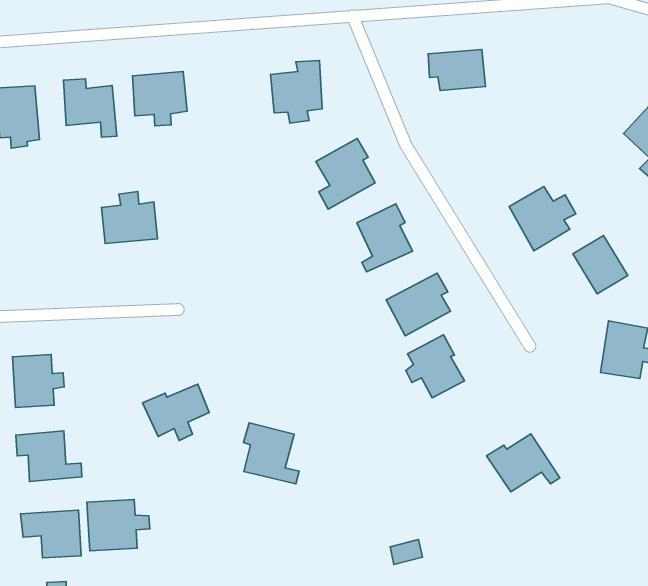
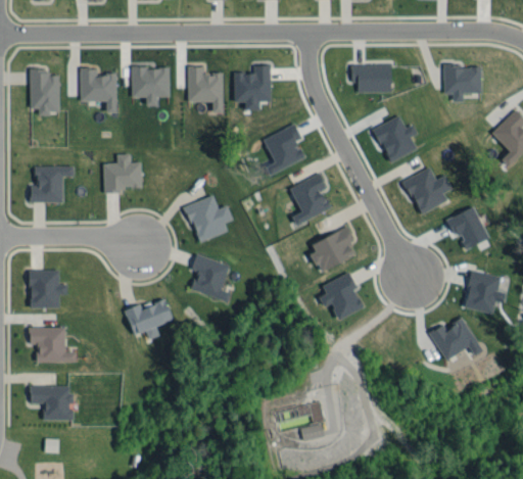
building: none -> [443,64,481,101]
building: none -> [186,65,223,111]
building: none -> [374,116,417,161]
building: none -> [30,165,73,202]
building: none -> [185,195,233,242]
building: [244,423,299,484] -> [190,254,231,301]
building: [487,434,560,492] -> [429,318,482,360]
building: [87,499,150,551] -> none

